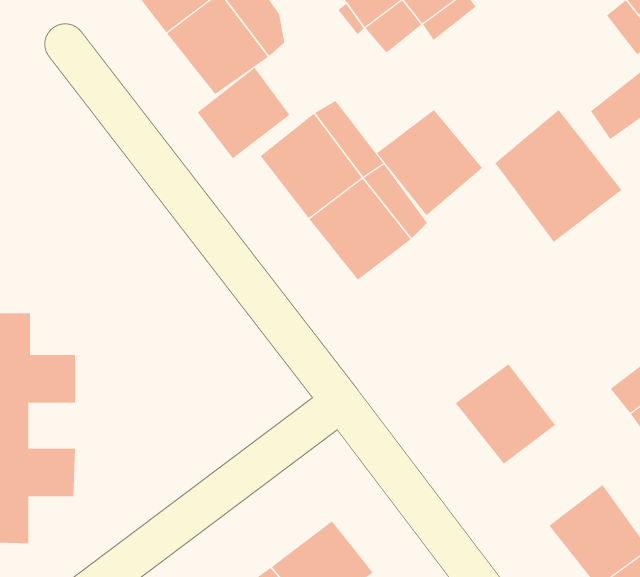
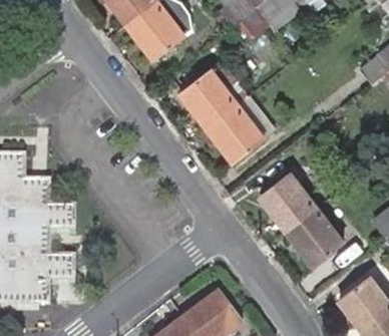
building: [197,67,290,159] -> none
building: [494,109,622,243] -> none
building: [376,109,483,216] -> none
building: none -> [259,172,316,229]

